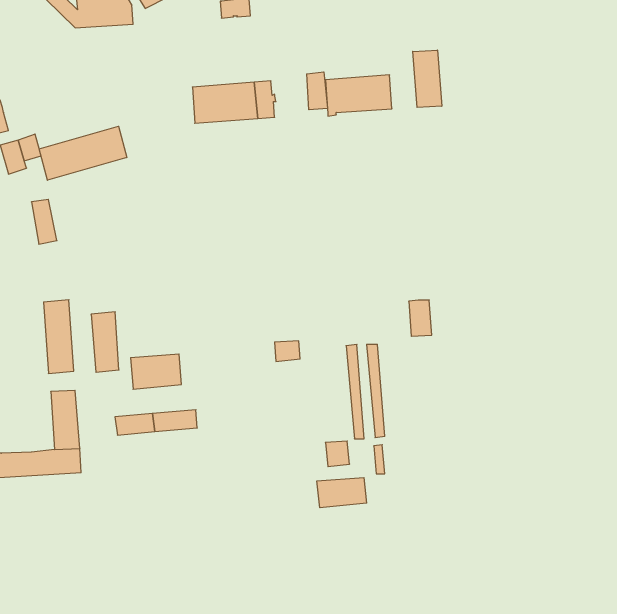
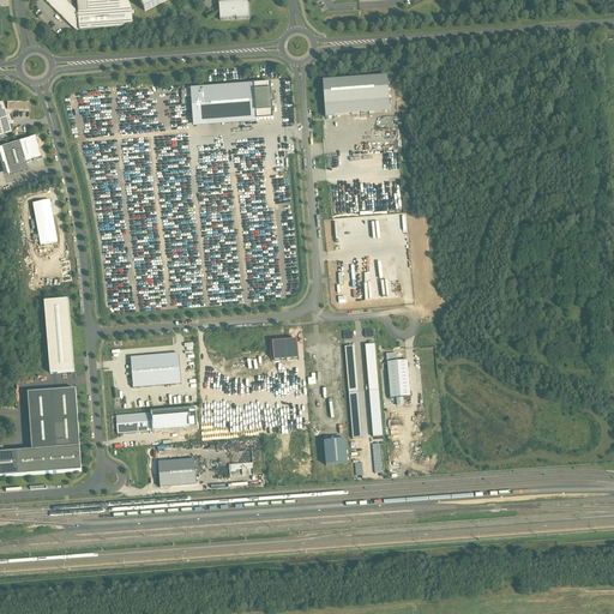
building: [413,50,442,107] -> none
building: [307,72,327,110] -> none
building: [39,126,127,180] -> none
building: [409,300,432,336] -> [386,359,409,395]
building: [91,312,119,372] -> [26,389,54,449]
building: none -> [157,458,195,483]
building: [317,478,367,508] -> none

